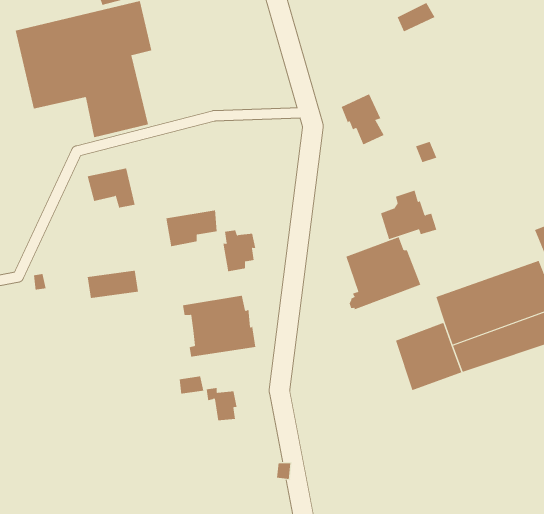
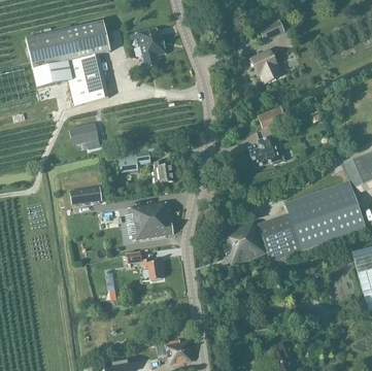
building: none -> [134,27,165,68]
building: [341,93,384,145] -> [250,49,277,81]
building: [346,236,421,310] -> [218,222,265,267]

